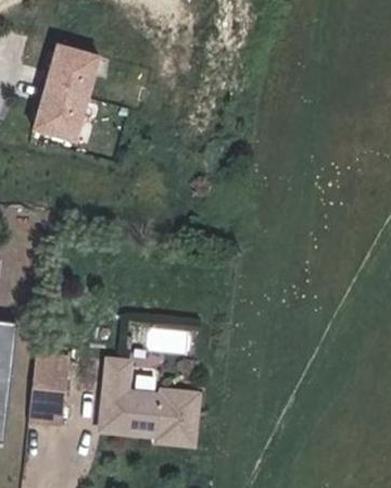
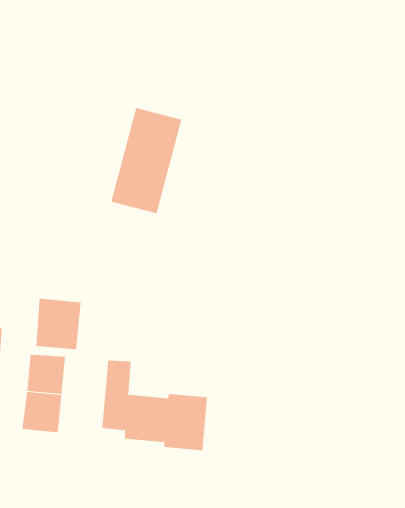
building: [29,50,94,147] -> [111,108,182,214]
building: none -> [36,298,81,350]

